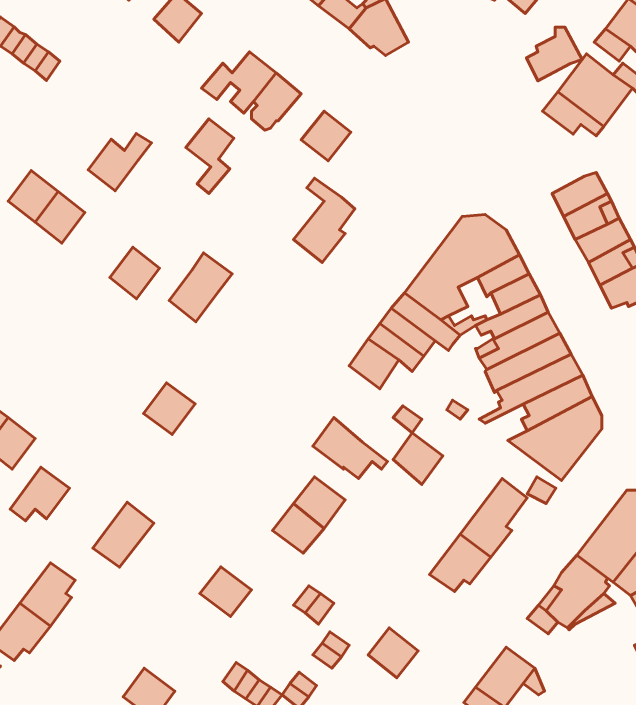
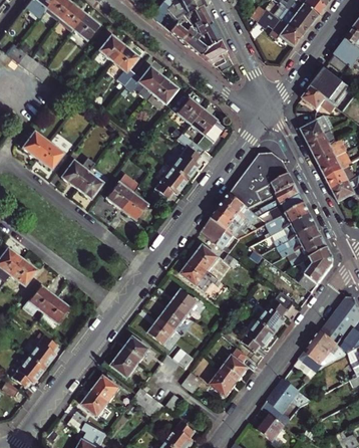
building: [527,27,582,81] -> [301,113,330,141]
building: [186,119,234,194] -> [111,46,136,85]
building: none -> [190,108,223,149]
building: [88,133,151,191] -> [61,155,94,185]
building: none -> [150,165,187,202]
building: [143,383,195,434] -> [120,192,147,219]
building: [393,433,443,484] -> [193,244,219,271]
building: [93,502,154,567] -> [36,295,68,329]
building: none -> [149,317,176,345]
building: none -> [111,351,138,377]
building: none -> [222,354,249,381]
building: none -> [93,376,120,402]

